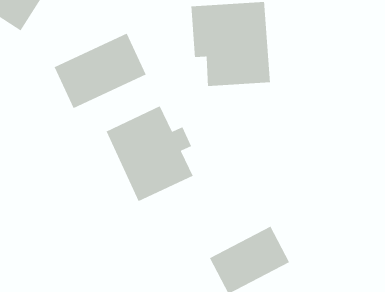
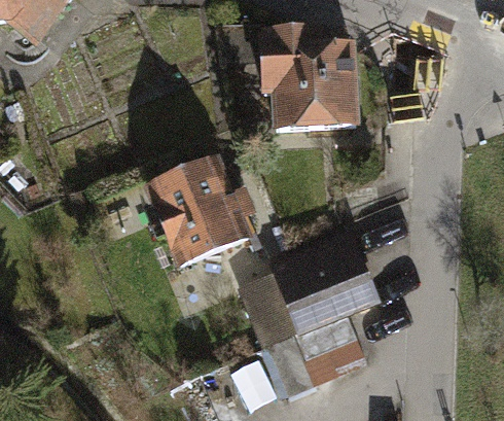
building: [54,32,147,109] -> none
building: none -> [235,231,380,349]

